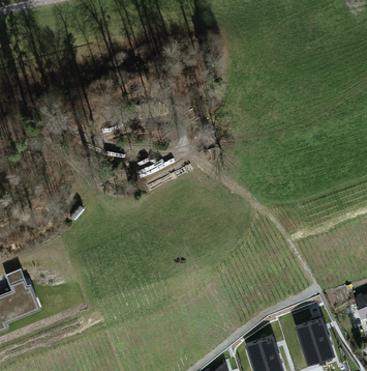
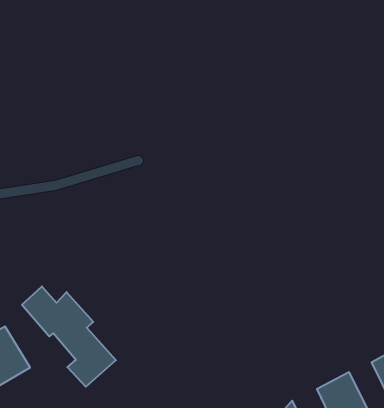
building: none -> [22,286,116,387]

